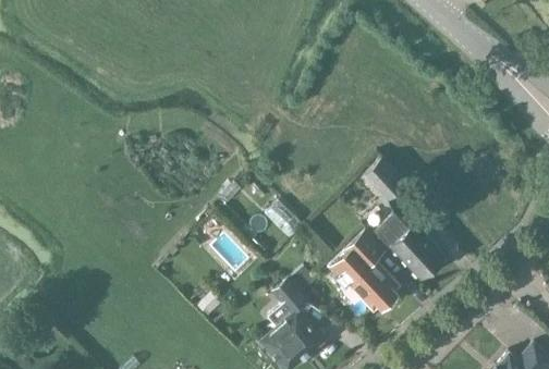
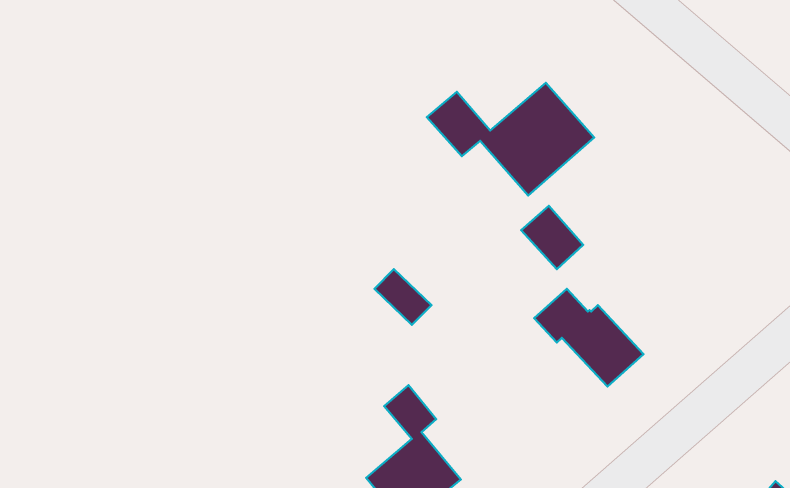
building: none -> [427,83,594,196]
building: [332,230,401,310] -> none

